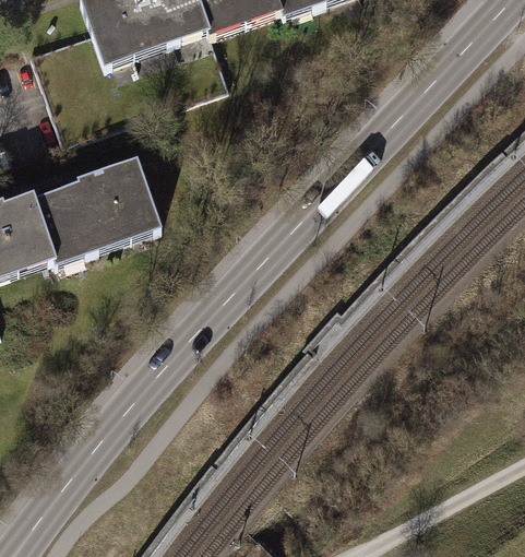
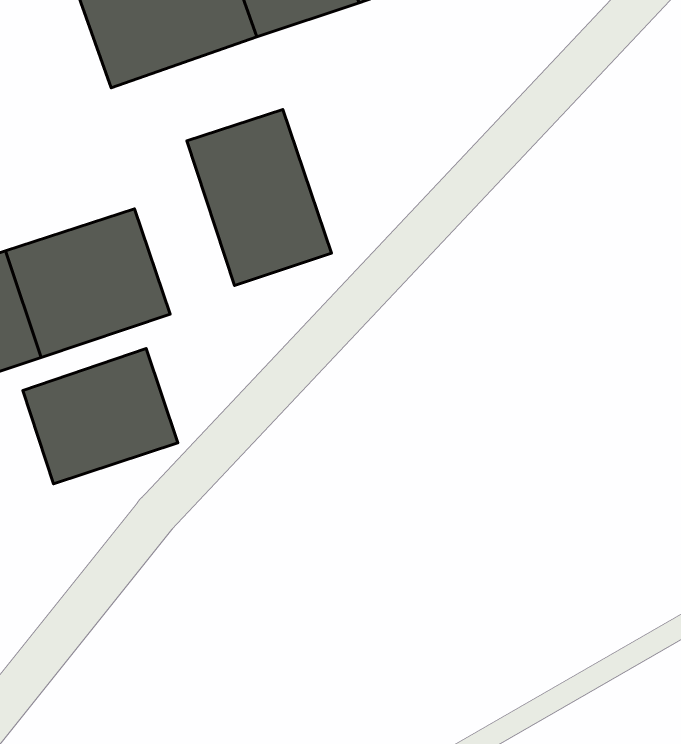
building: none -> [187,110,332,285]
building: none -> [23,348,178,484]

